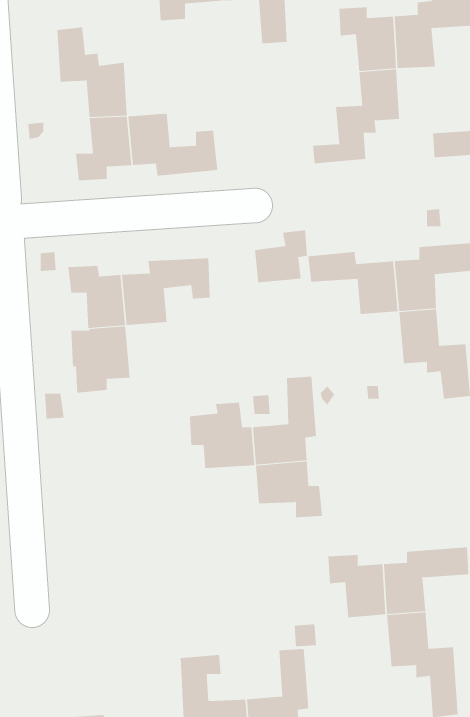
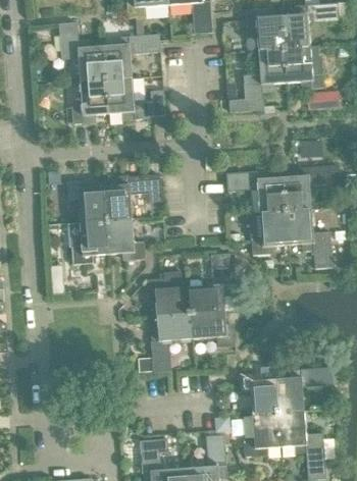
building: none -> [103,35,160,82]
building: none -> [284,46,322,90]
building: [255,229,308,283] -> none
building: none -> [250,211,288,256]
building: none -> [104,218,145,261]
building: none -> [138,313,192,372]
building: none -> [243,412,279,457]

